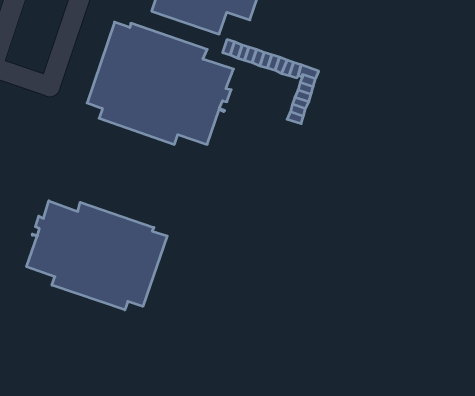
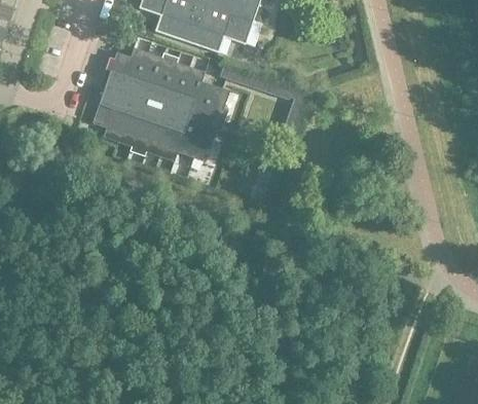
building: [27,201,167,310] -> none

